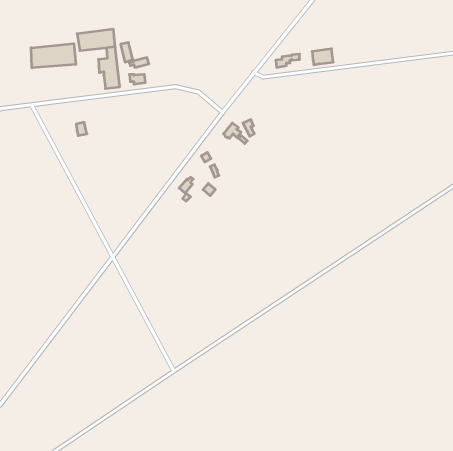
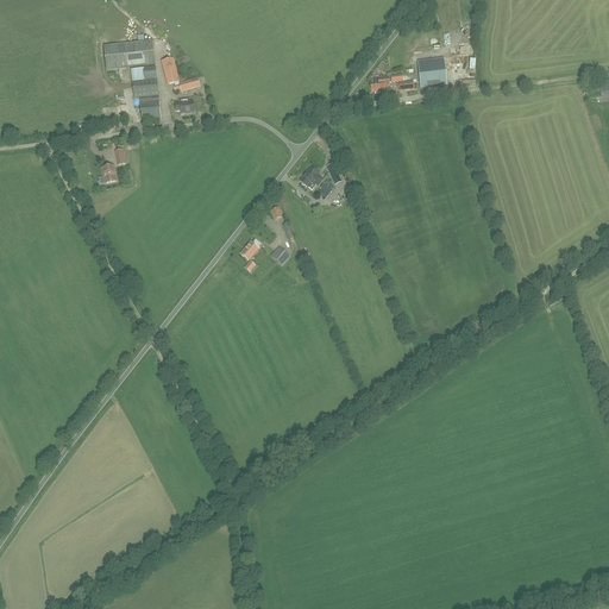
building: [31,44,76,68] -> none

